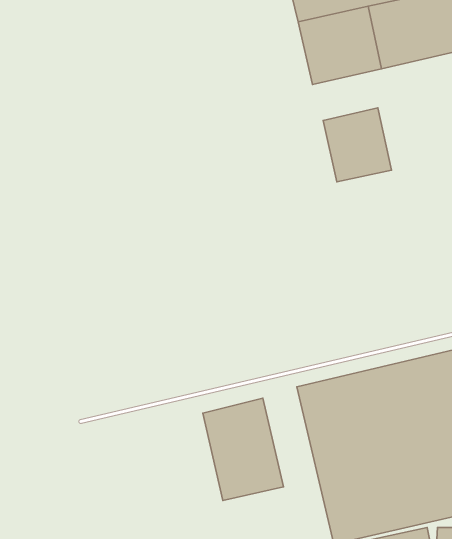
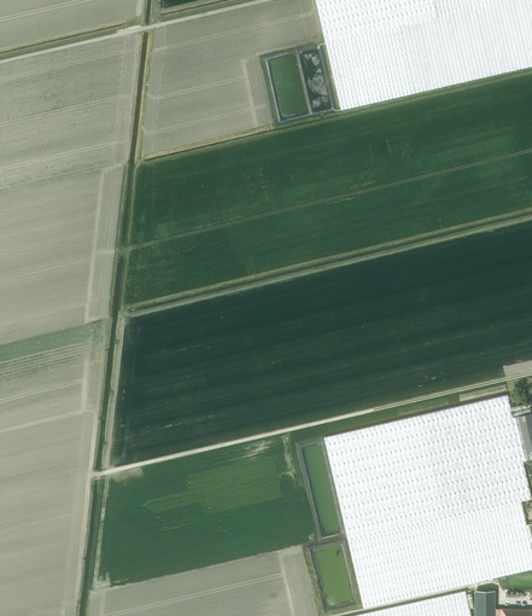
building: [323,108,391,182] -> none
building: [203,398,284,500] -> none

